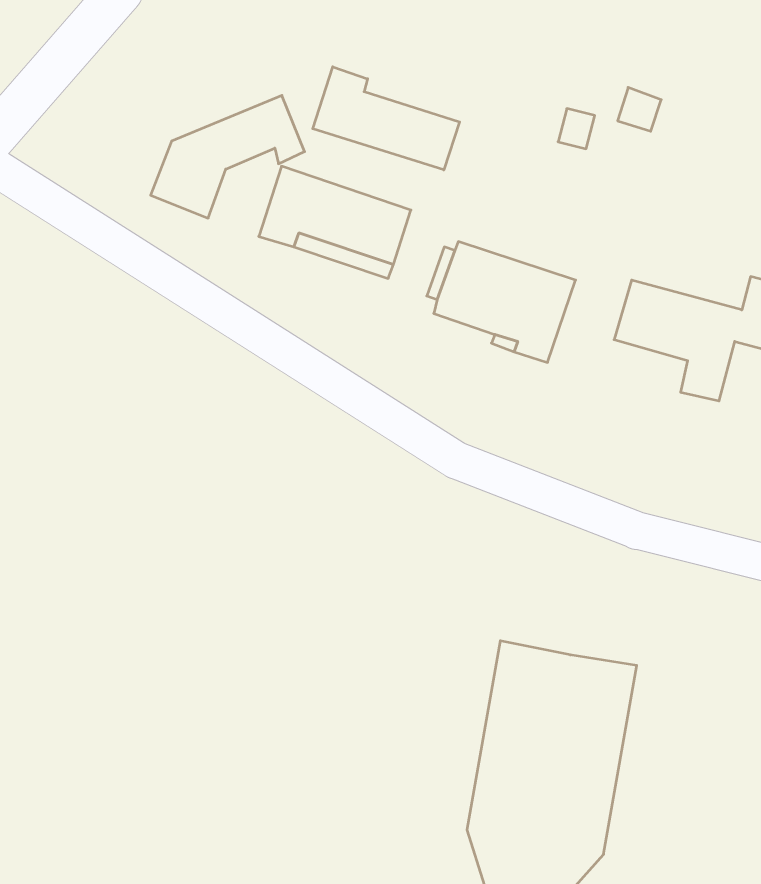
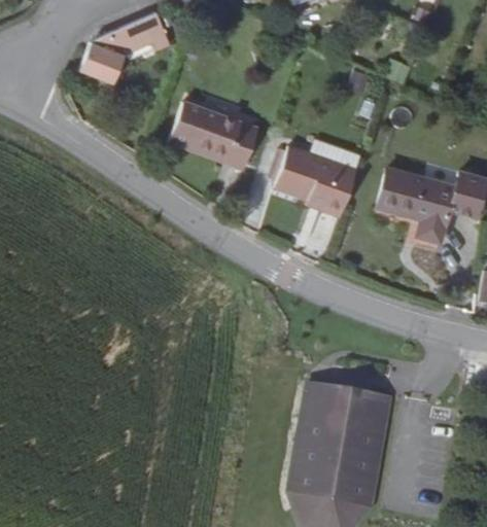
building: [313,67,460,170] -> none
building: [151,95,305,218] -> [78,12,169,84]

